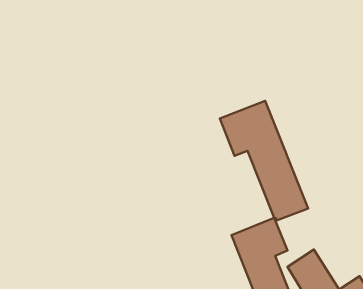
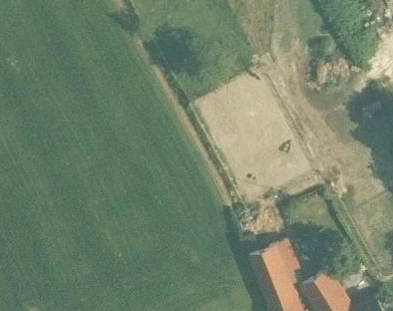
building: [220,101,308,221] -> none

